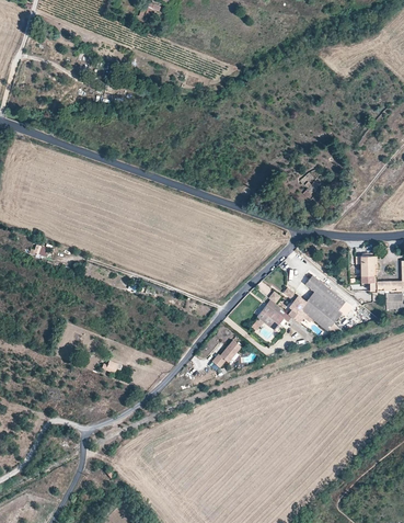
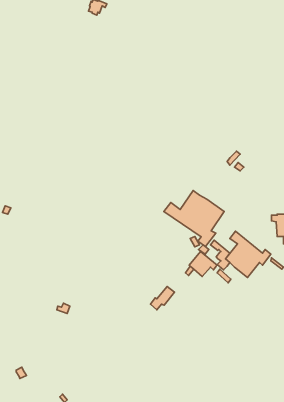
building: none -> [164,191,224,247]

